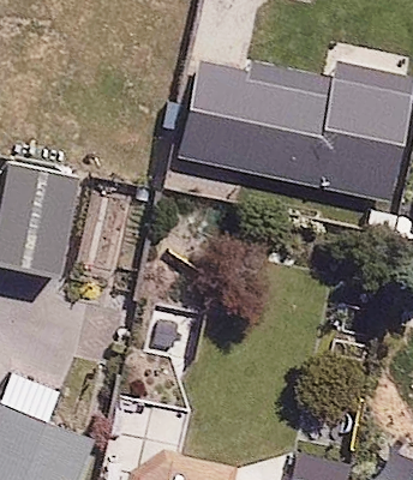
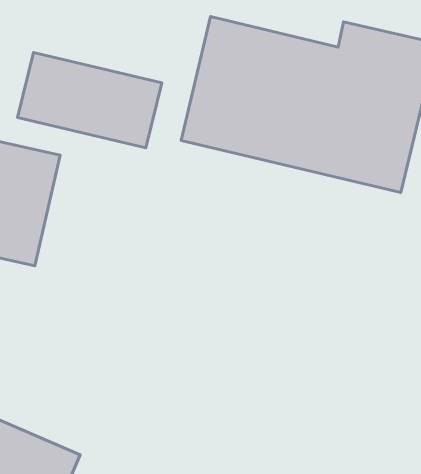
building: none -> [18,52,162,148]

